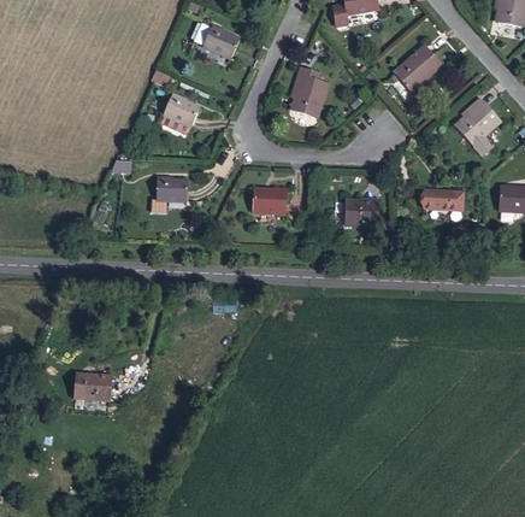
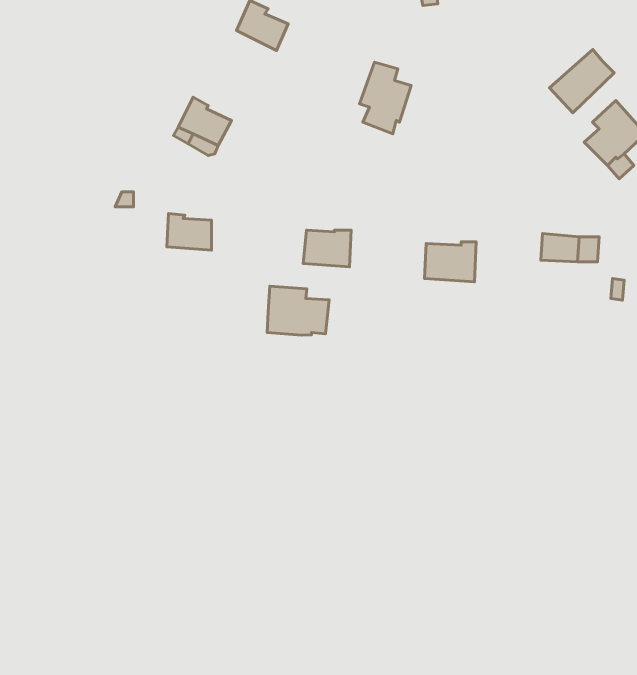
building: [393,41,440,87] -> [549,50,614,113]
building: none -> [267,286,329,335]
building: [76,365,118,395] -> none

